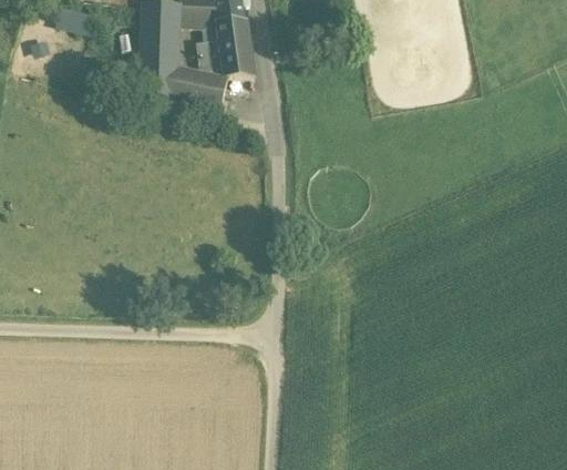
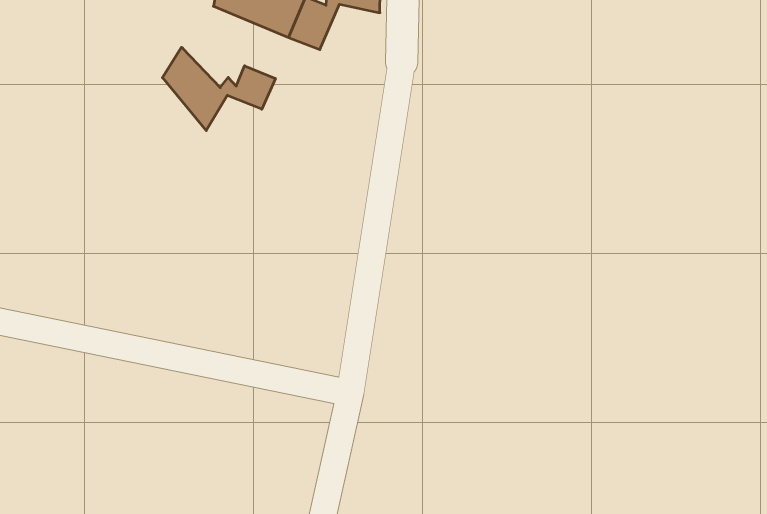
building: none -> [162,47,275,131]

